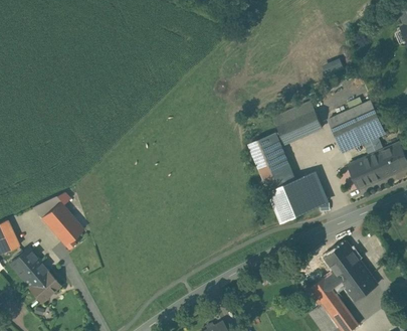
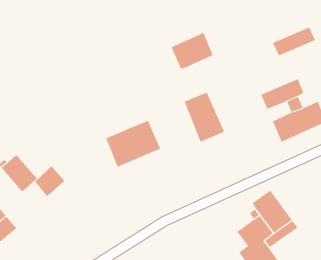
building: [274,102,323,144] -> [171,32,214,70]
building: [329,102,378,135] -> [272,27,316,56]
building: [267,169,330,222] -> [106,120,161,168]
building: none -> [34,165,65,197]

